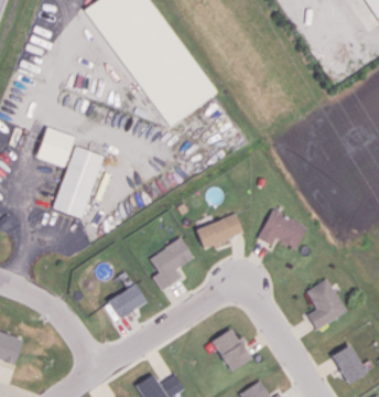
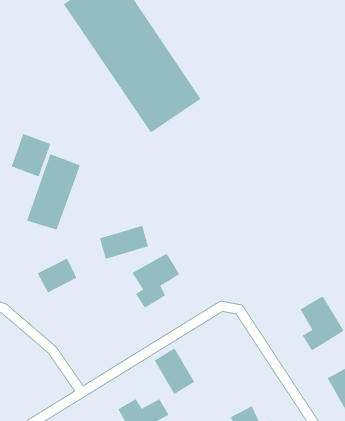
building: [258,211,306,248] -> none
building: [196,215,242,247] -> [99,225,149,260]
building: [108,285,145,318] -> [37,258,77,293]
building: [212,328,250,372] -> [154,347,195,395]

